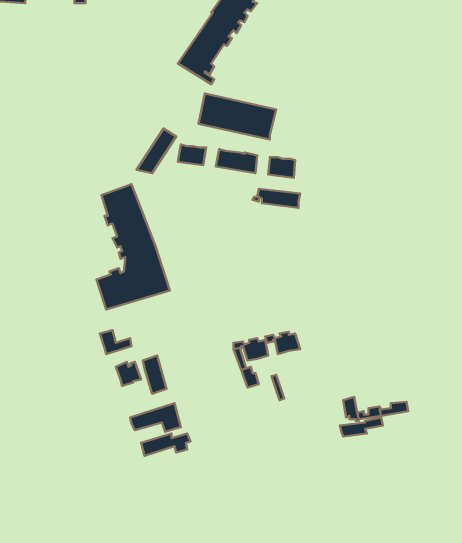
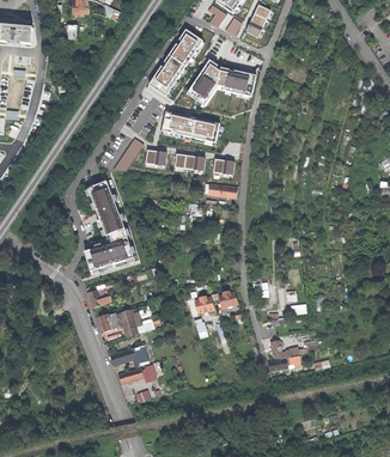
building: none -> [187,56,256,105]

